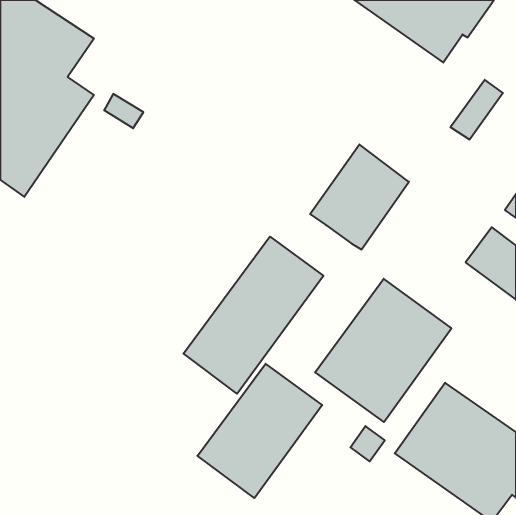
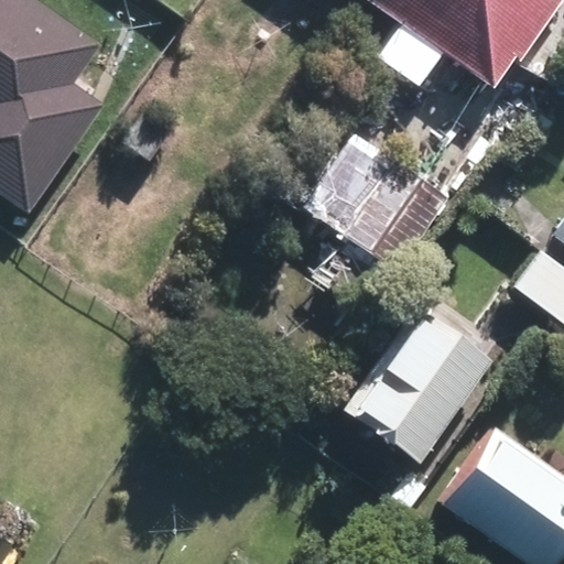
building: [183,237,323,394] -> none
building: [197,364,322,498] -> none

